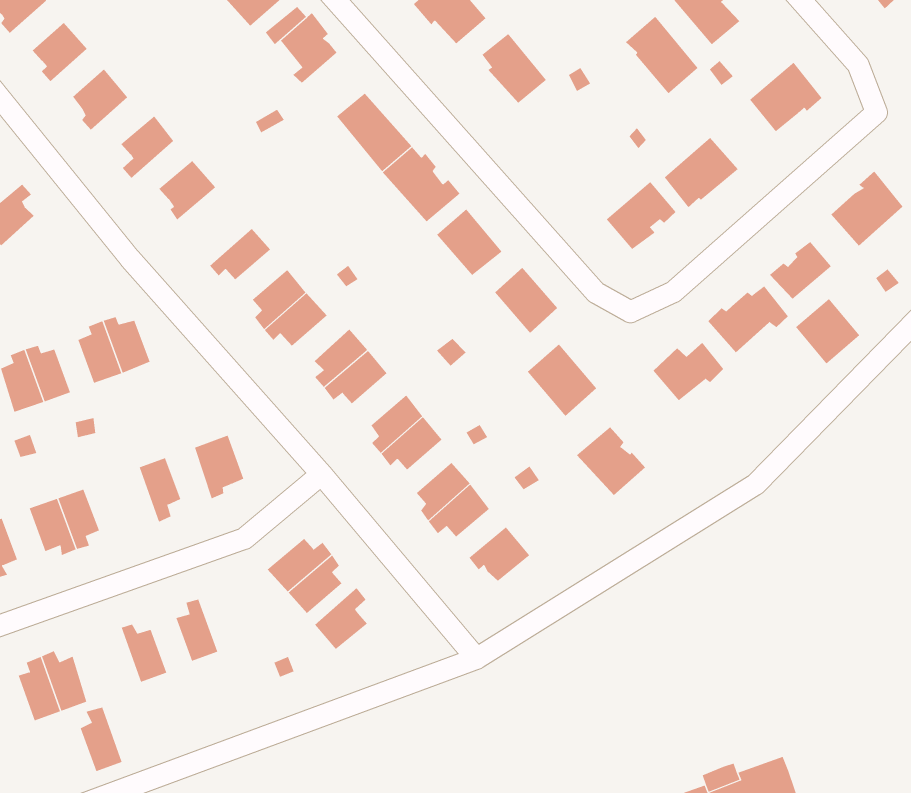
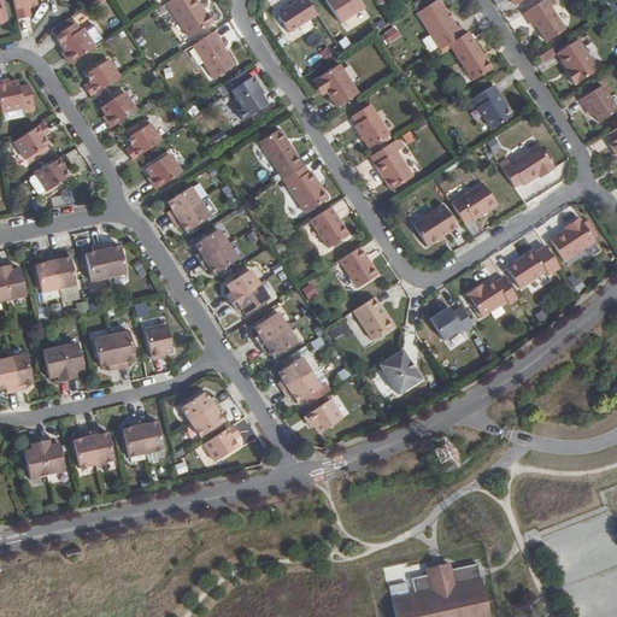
building: [625,16,698,94] -> [370,142,412,190]
building: none -> [164,184,199,219]
building: [795,298,860,364] -> none
building: none -> [94,335,118,371]
building: none -> [136,417,163,453]
building: [80,707,122,772] -> [71,430,94,469]

